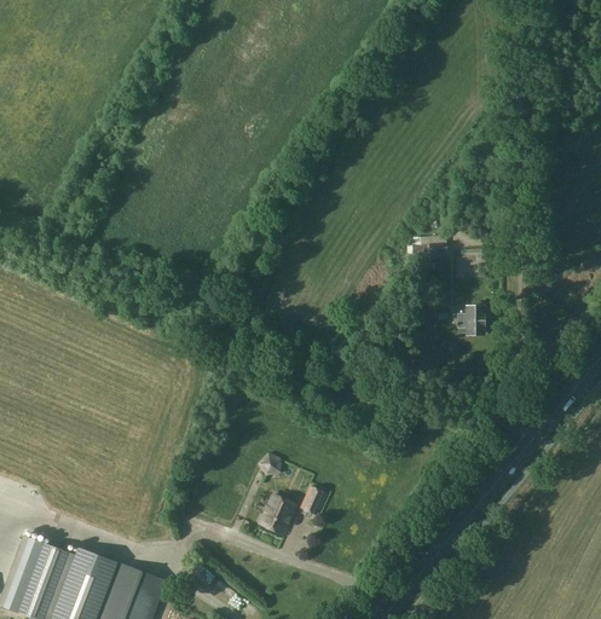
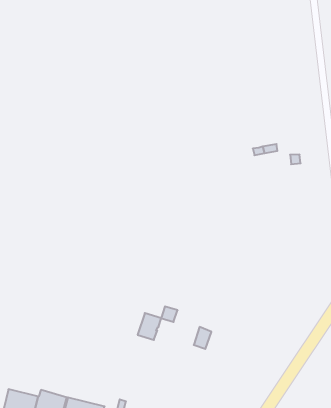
building: [451,307,482,335] -> none
building: [259,496,294,534] -> [138,313,161,340]

